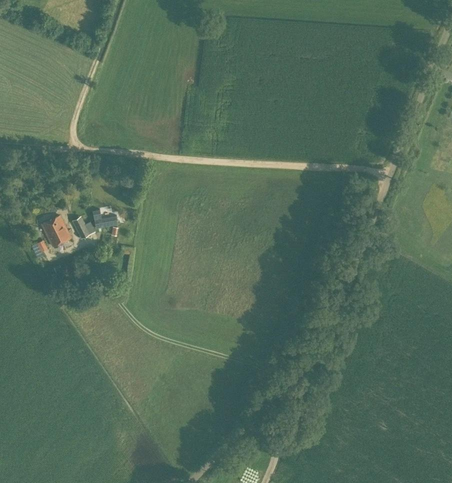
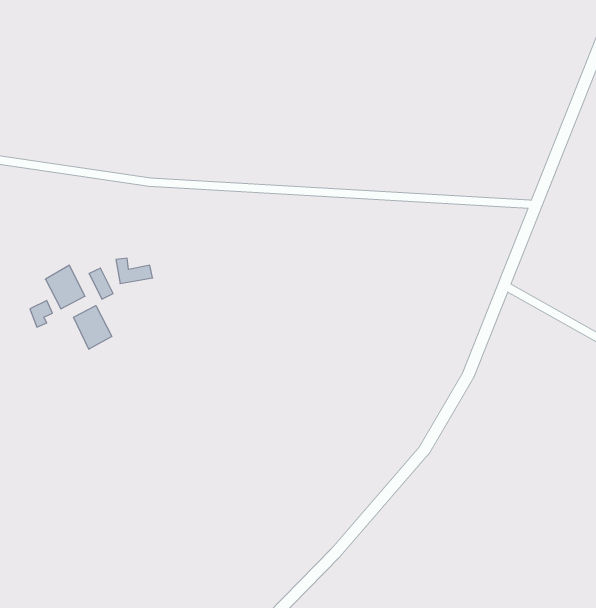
building: none -> [73,306,112,349]

